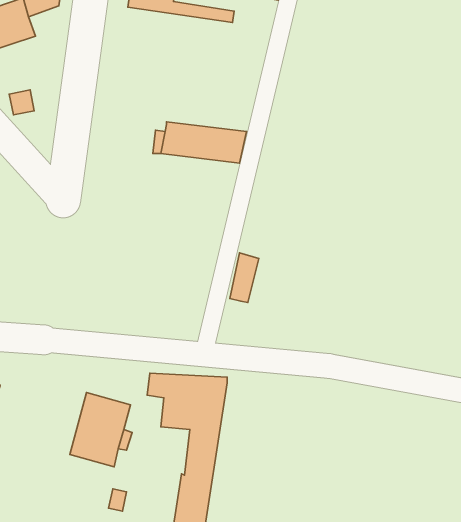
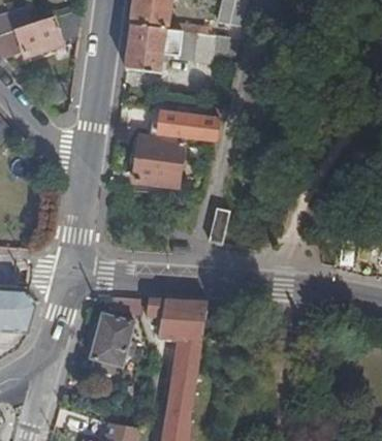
building: none -> [125,25,238,74]
building: none -> [133,140,186,189]

